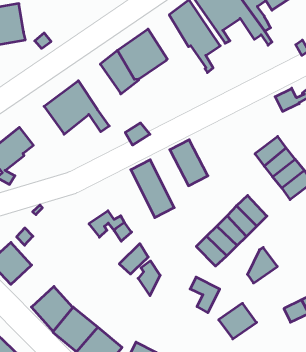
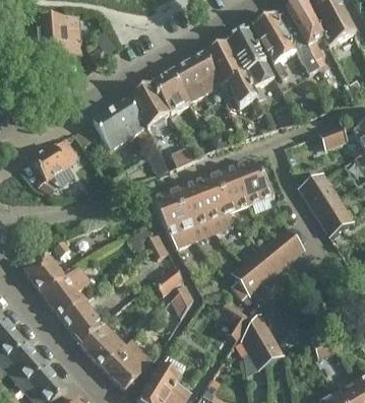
building: none -> [203,41,267,124]
building: none -> [129,83,170,145]
building: none -> [234,159,273,204]
building: none -> [193,175,233,232]
building: none -> [149,191,192,247]
building: [247,247,277,283] -> [241,314,271,348]
building: none -> [43,267,92,318]

